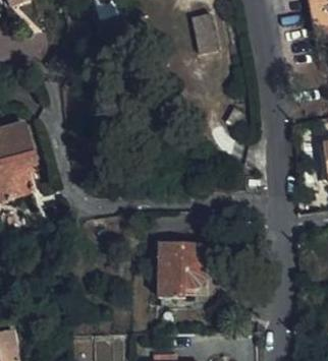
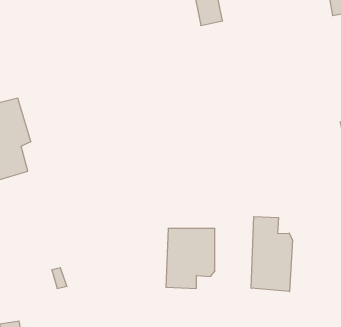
building: none -> [251,217,292,292]

